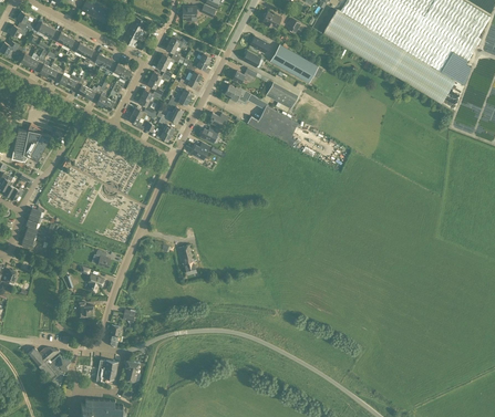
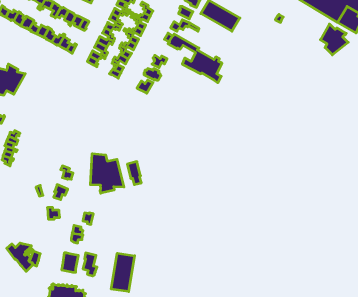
building: none -> [320,24,348,55]
building: [265,81,297,108] -> none
building: none -> [90,154,124,193]
building: none -> [111,253,135,292]

